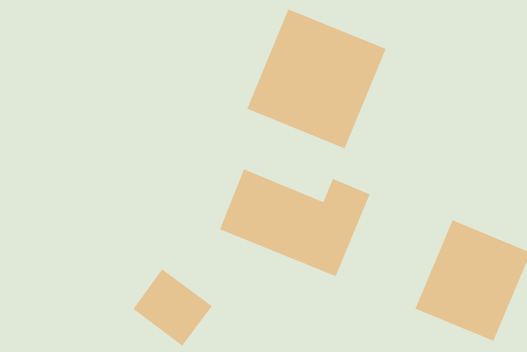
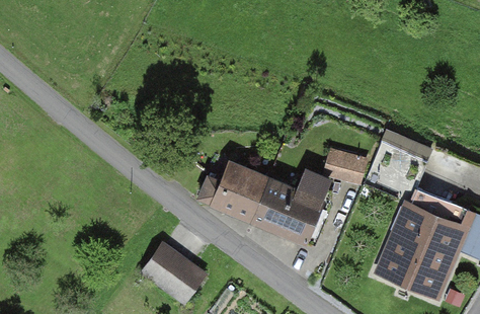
building: [247,8,387,149] -> none
building: none -> [324,146,365,179]

